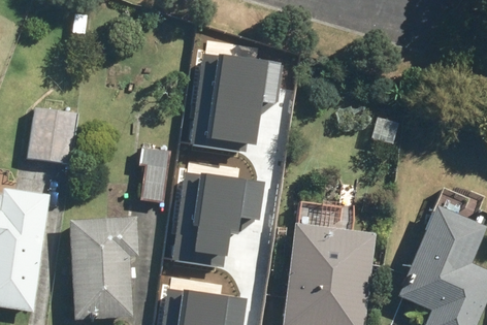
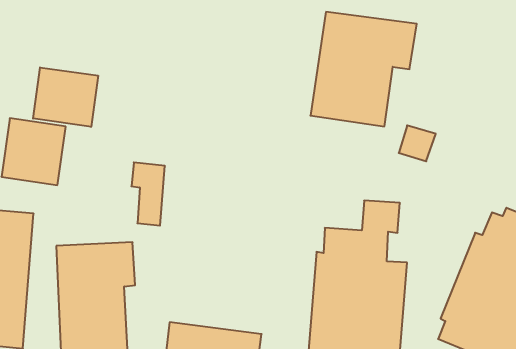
building: [190,53,282,152] -> [310,12,417,126]
building: none -> [33,67,98,127]
building: [173,169,263,263] -> none

